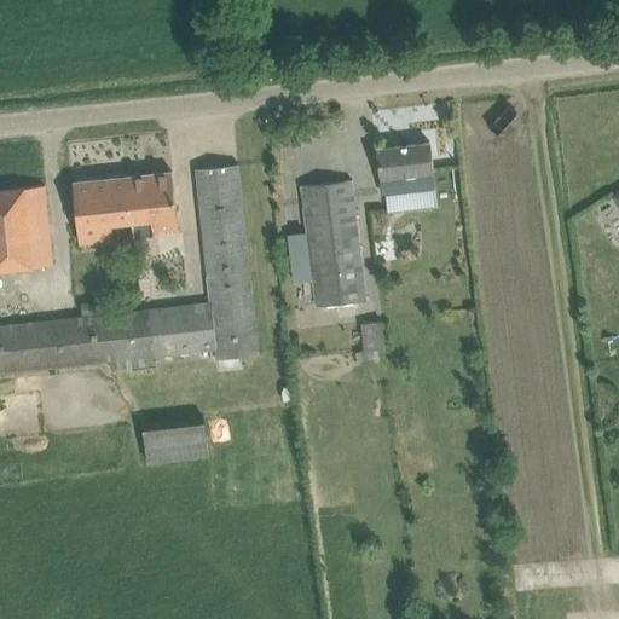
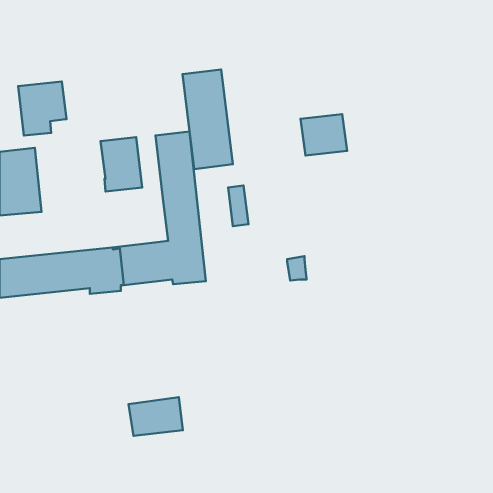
building: [71,178,132,245] -> [18,81,67,136]
building: [301,181,364,306] -> [183,69,233,169]
building: [140,416,208,464] -> [129,397,183,436]

